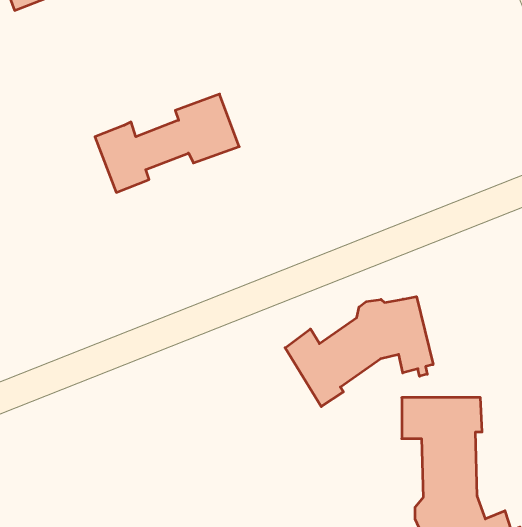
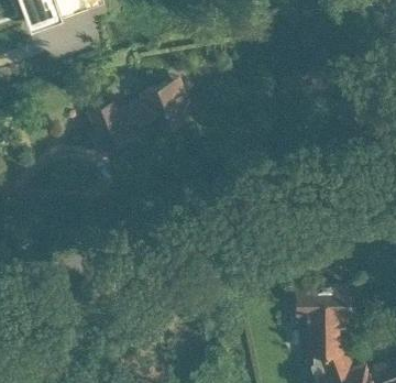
building: [285,297,433,407] -> none

